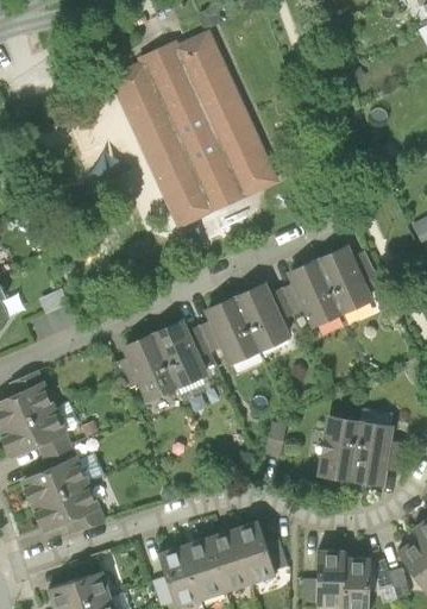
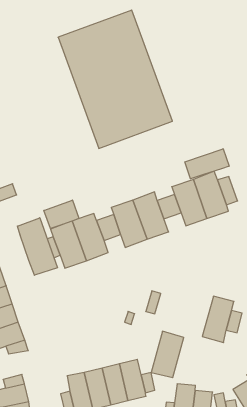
building: none -> [185,149,229,179]
building: none -> [44,200,79,229]
building: none -> [17,218,57,275]
building: [318,417,359,482] -> [151,331,184,378]

